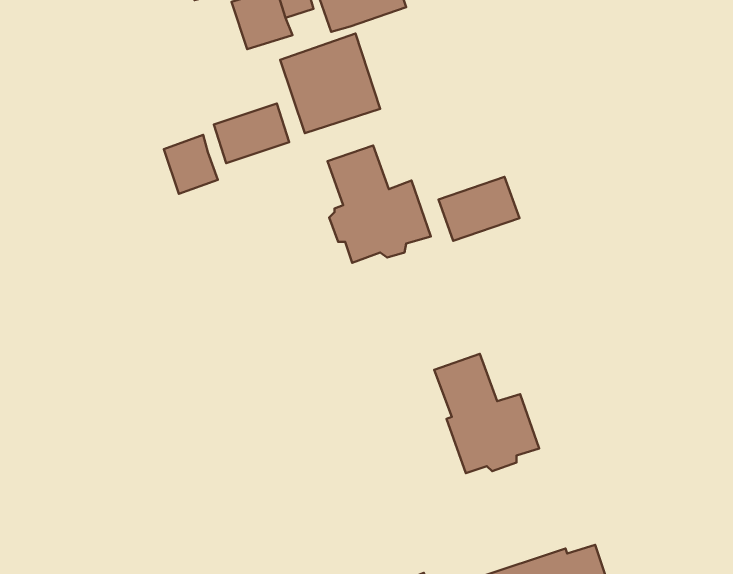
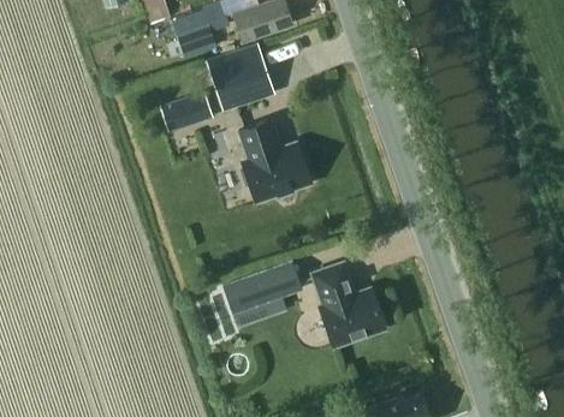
building: [164,135,218,194] -> none
building: [438,177,519,241] -> none
building: none -> [221,258,301,327]

